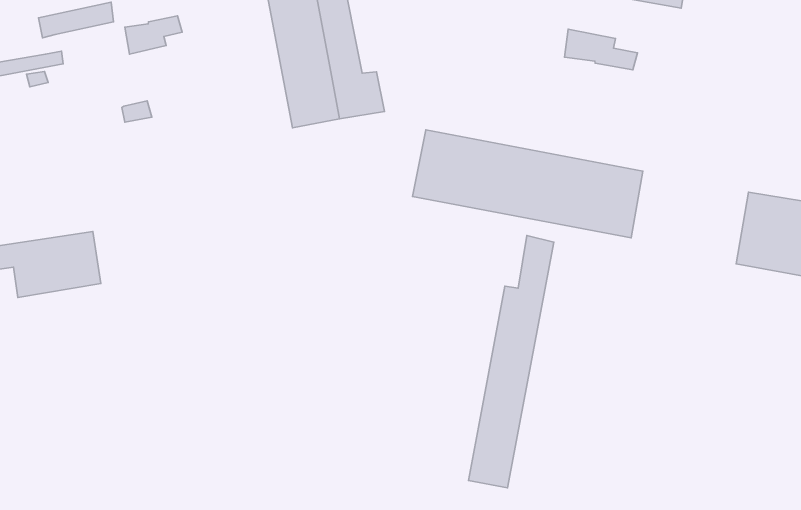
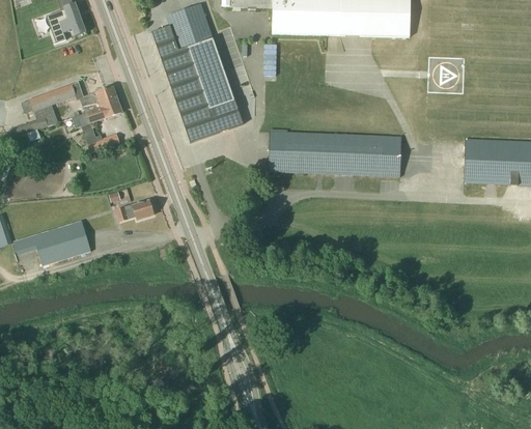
building: [565,29,637,70] -> none
building: none -> [72,94,122,127]
building: none -> [116,199,155,221]
building: [469,235,554,488] -> none

